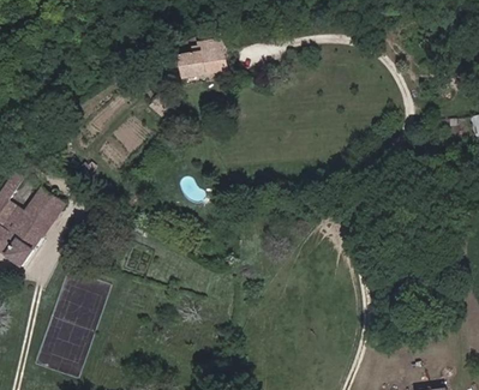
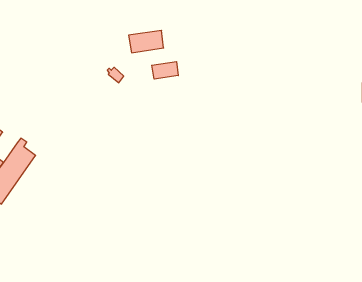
building: none -> [152,62,178,79]

